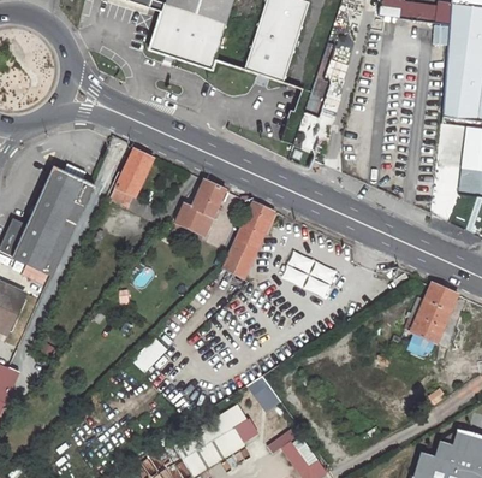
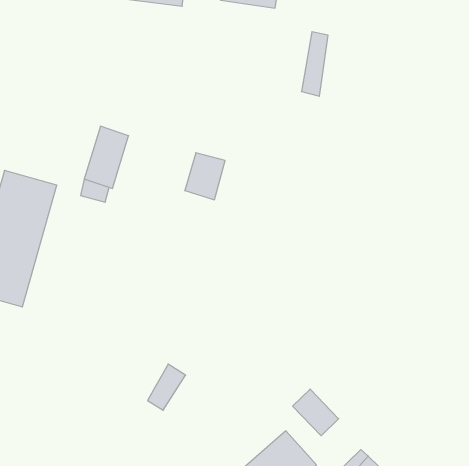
building: [226,201,274,276] -> none
building: [174,203,213,236] -> none
building: [284,252,338,295] -> none

